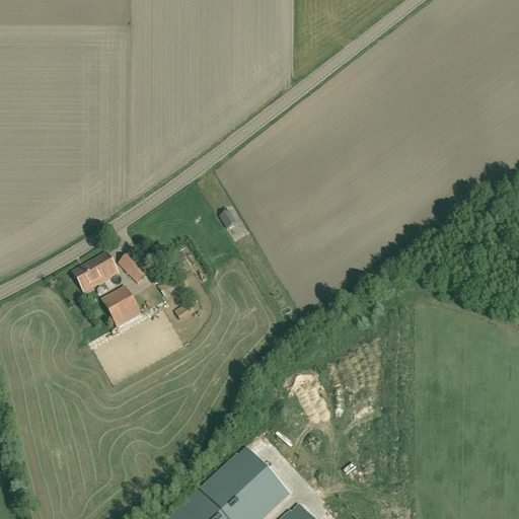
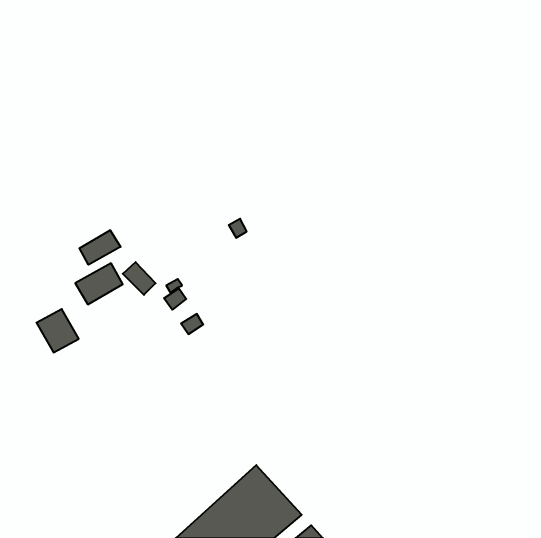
building: none -> [79,230,121,265]
building: [100,285,141,326] -> [36,309,79,352]

